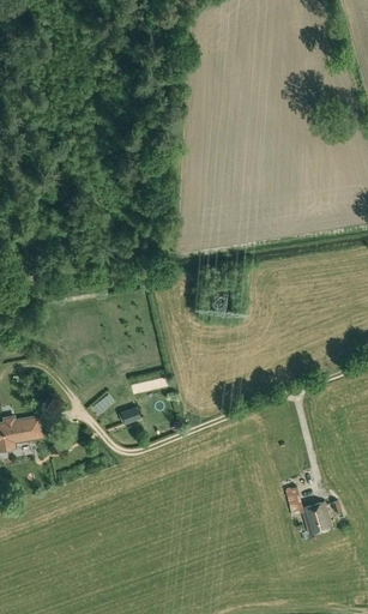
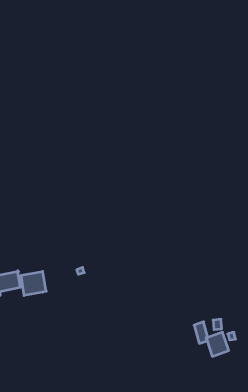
building: none -> [21,271,46,296]

